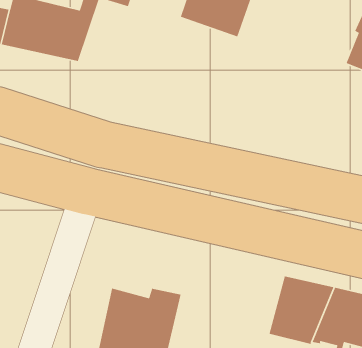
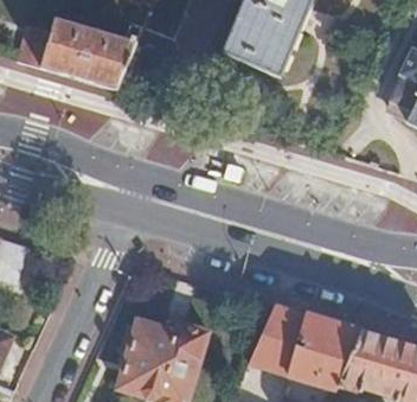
building: none -> [249,305,313,375]

